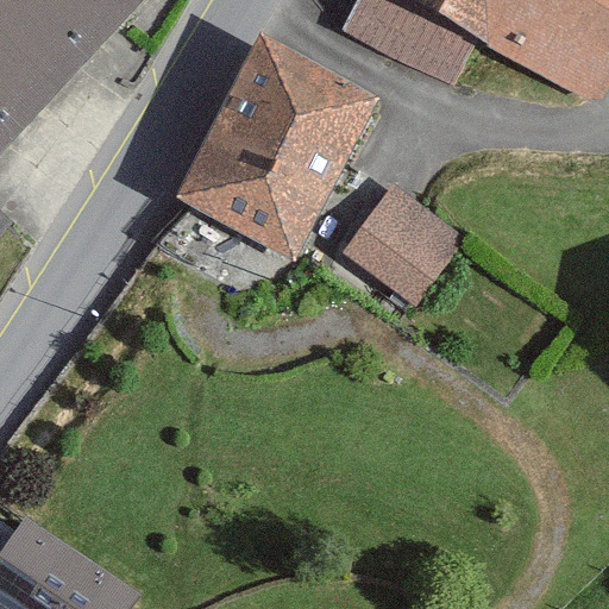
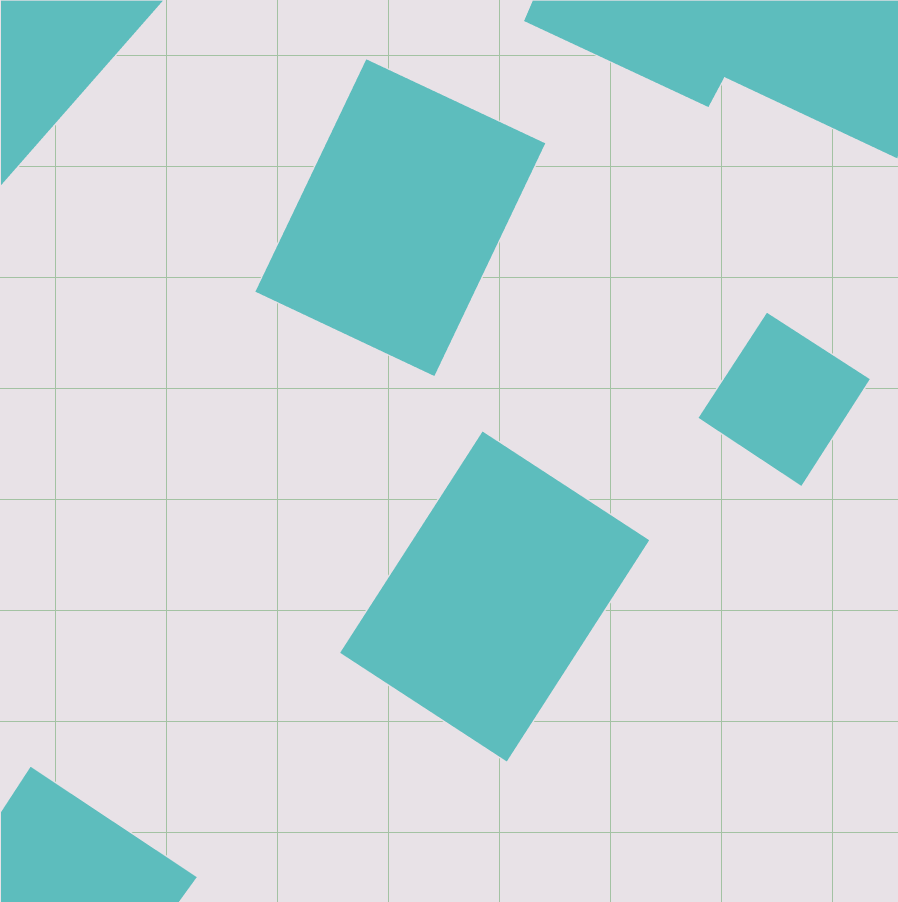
building: [349,178,465,296] -> [698,312,871,487]
building: none -> [339,431,650,763]

